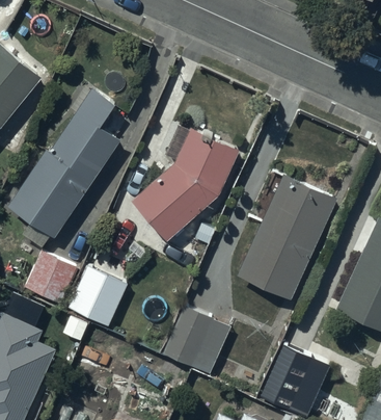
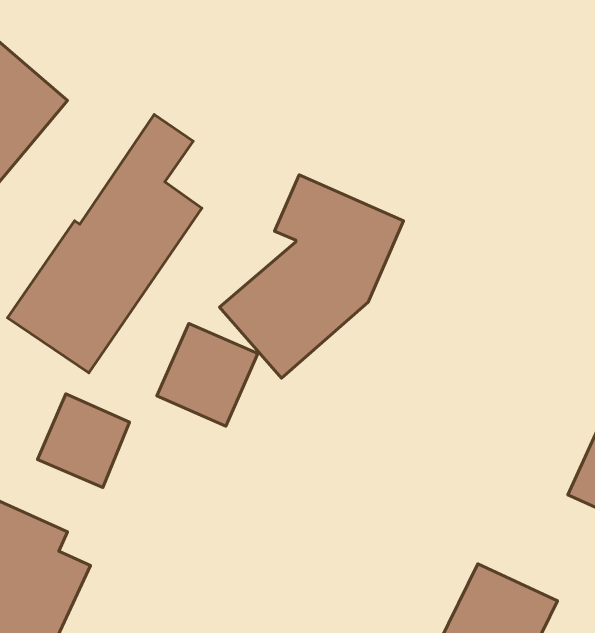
building: [238,174,337,299] -> none
building: [69,266,128,326] -> [157,323,258,426]
building: [162,305,230,374] -> none

